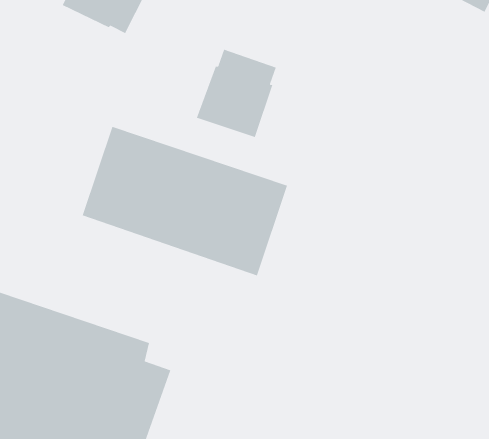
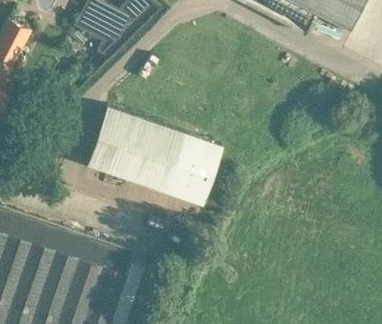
building: [196,49,277,138] -> none

